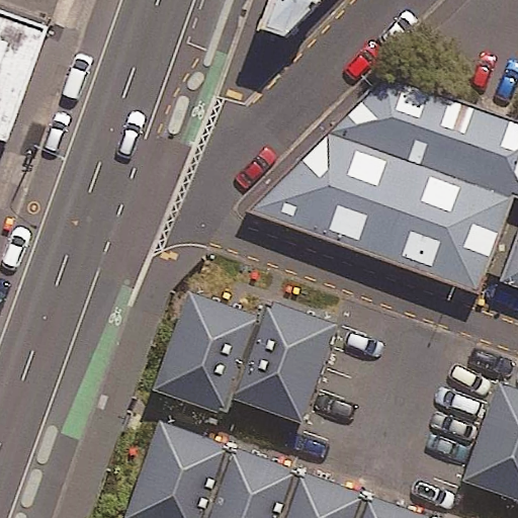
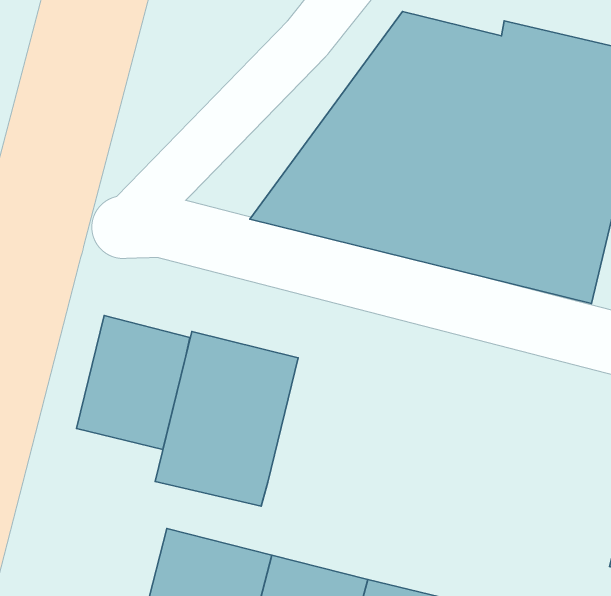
building: none -> [76,316,190,450]
building: [235,300,339,423] -> none

